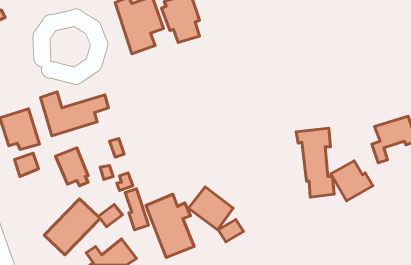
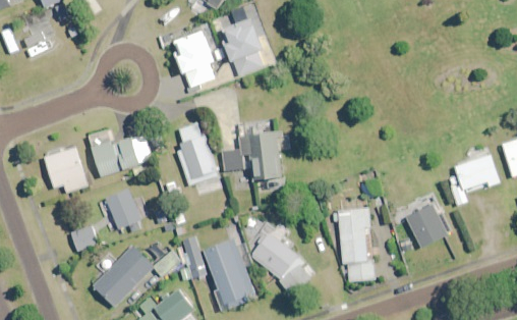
building: none -> [177,123,216,185]
building: none -> [222,132,278,180]
building: [296,128,334,197] -> [332,207,374,282]
building: [14,153,39,176] -> [69,225,96,251]

